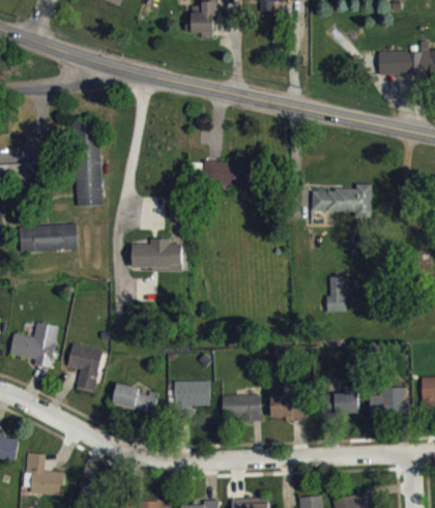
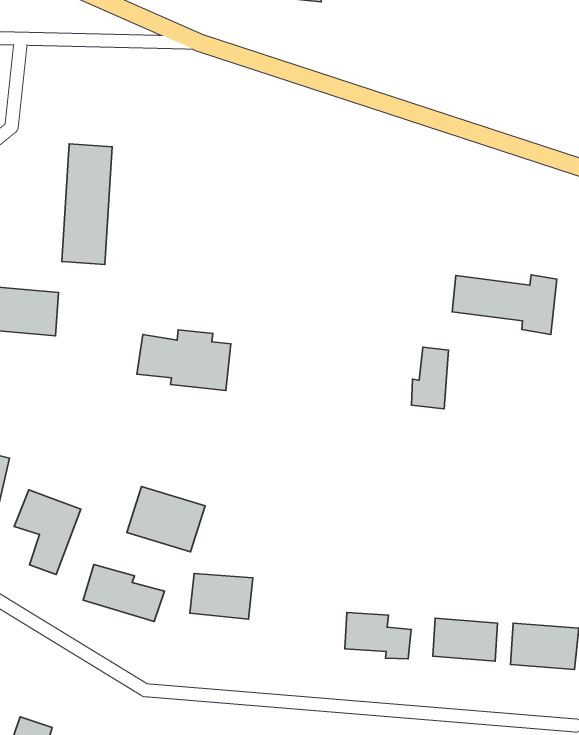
building: [202,161,251,185] -> none
building: [325,276,346,311] -> [411,347,449,409]
building: none -> [127,486,205,552]
building: [221,394,262,421] -> none

